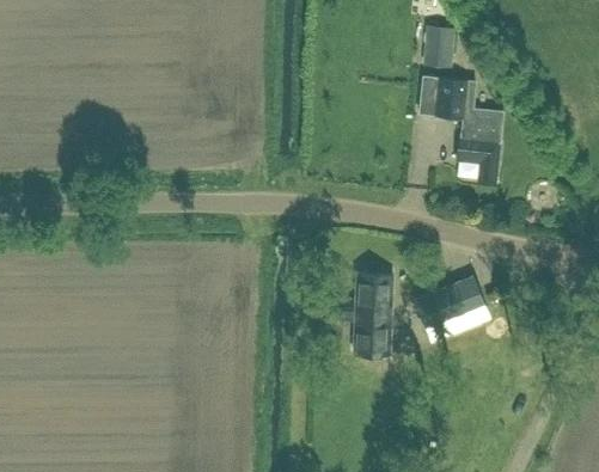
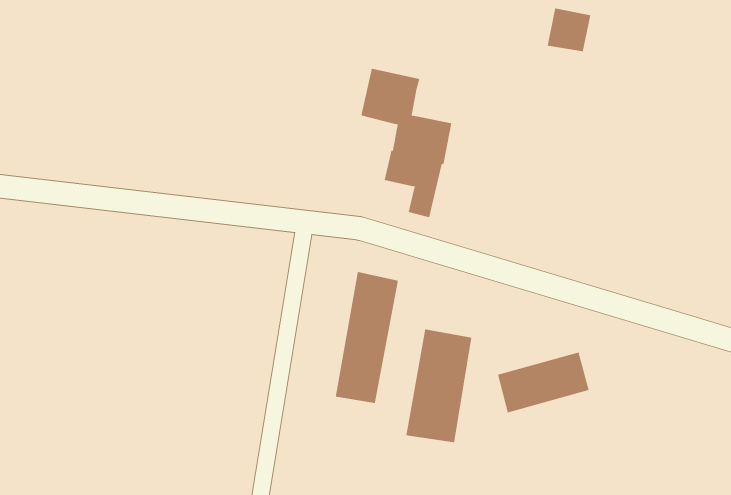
building: [434,79,502,184] -> [361,68,452,218]
building: none -> [335,271,398,404]

